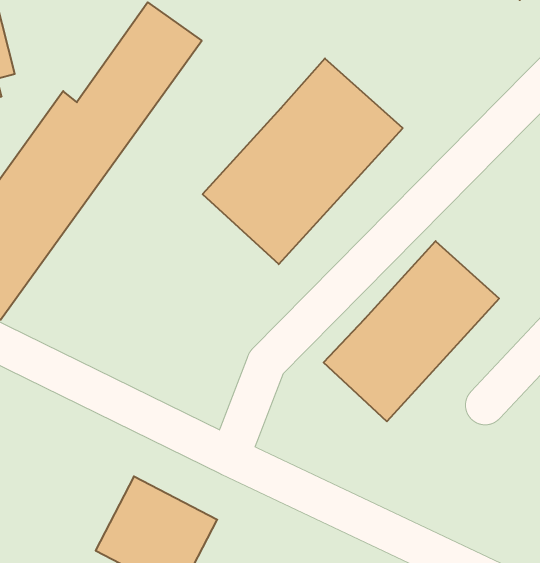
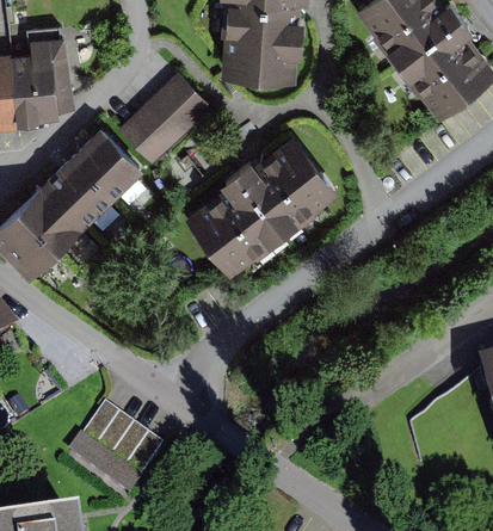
building: [324,241,499,421] -> none

